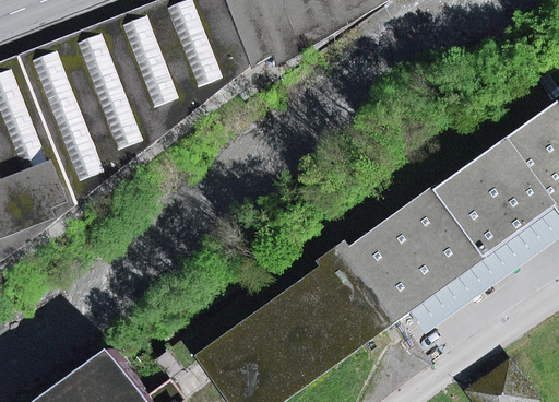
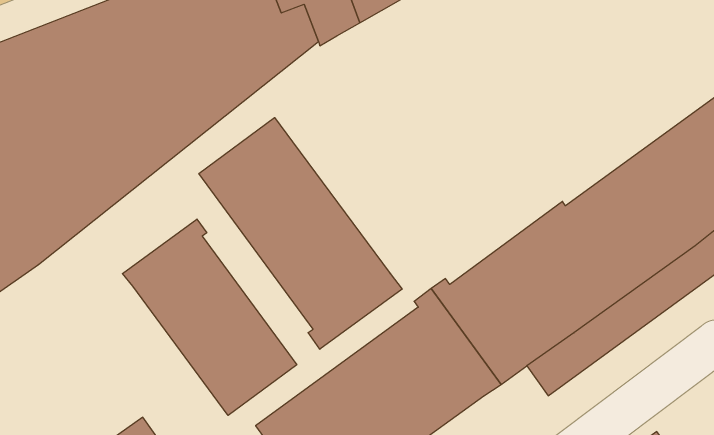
building: none -> [199,118,402,349]
building: none -> [122,219,297,415]

